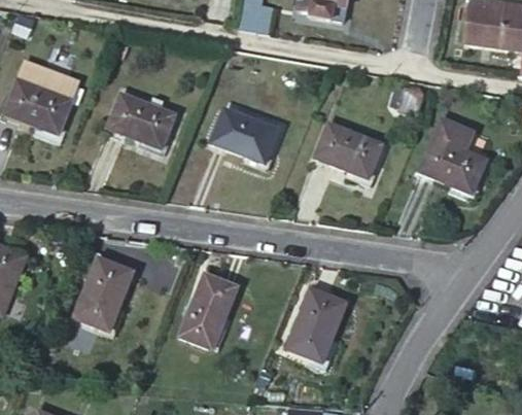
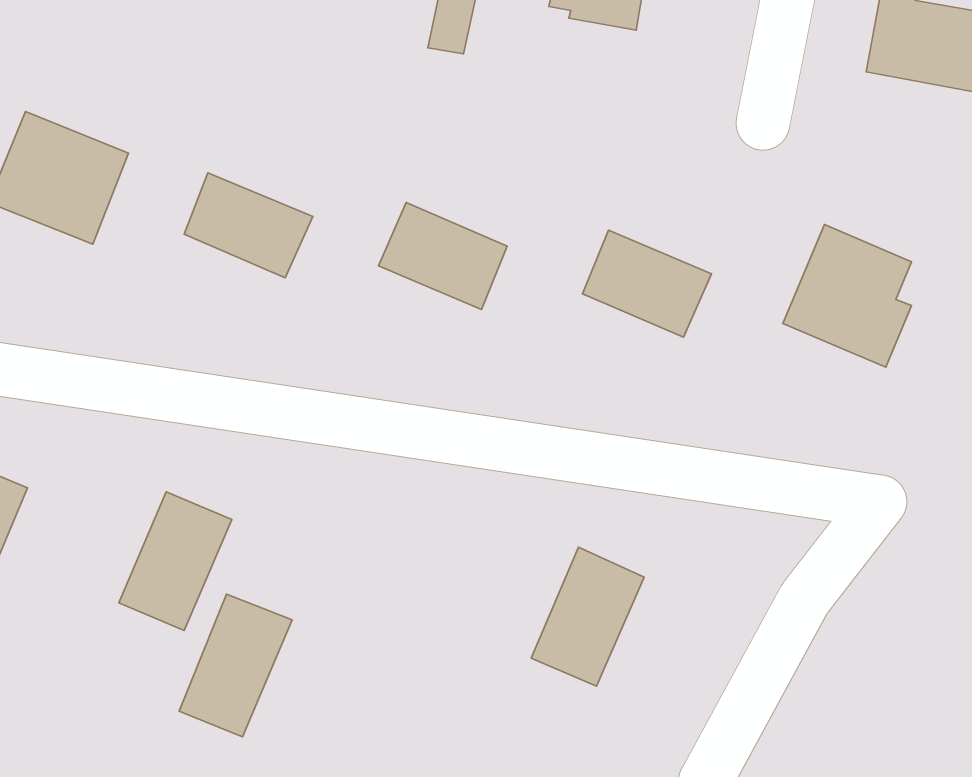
building: [180,275,239,349] -> [179,594,292,737]

